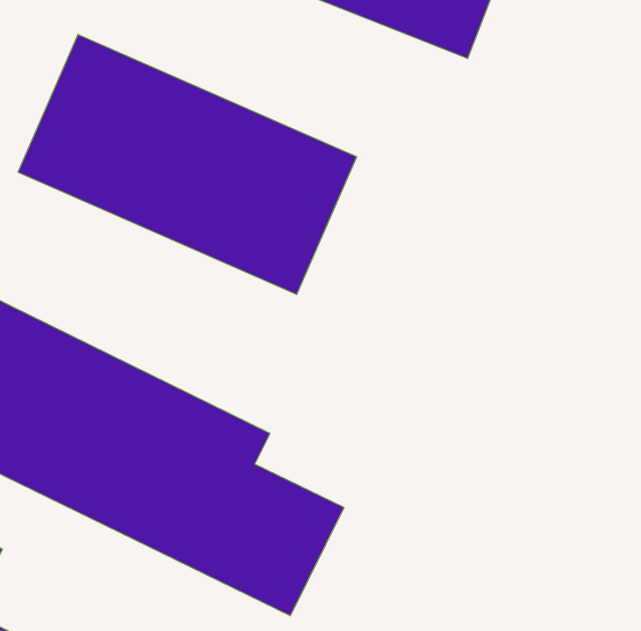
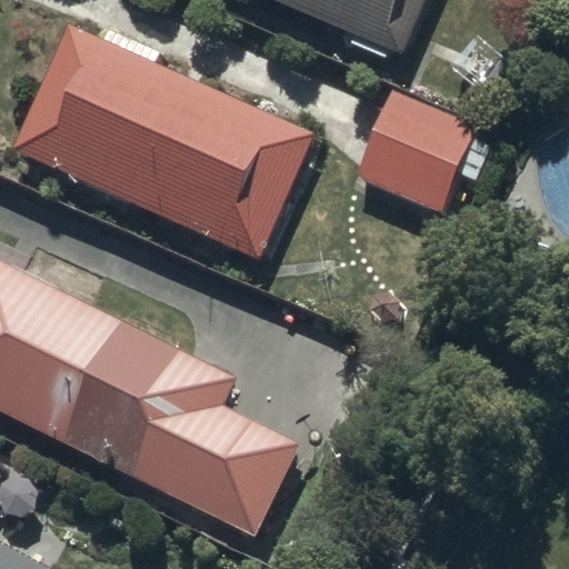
building: none -> [355,90,475,209]

